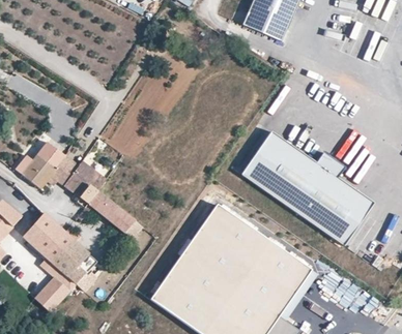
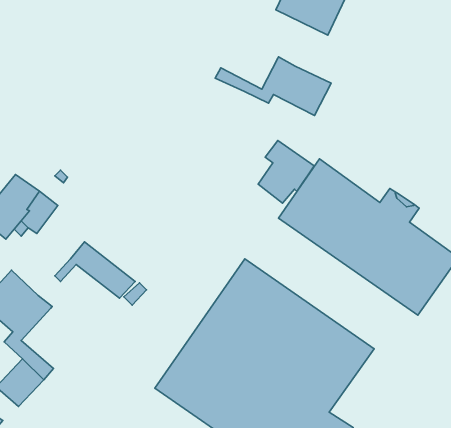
building: none -> [215,57,331,116]
building: none -> [258,141,314,203]
building: [63,160,106,204] -> none
building: [52,240,99,287] -> none

